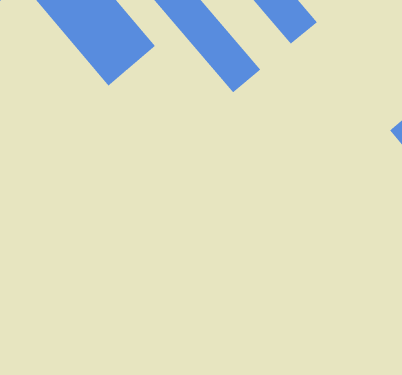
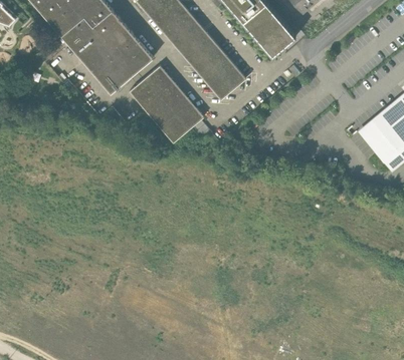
building: none -> [129,67,204,144]

